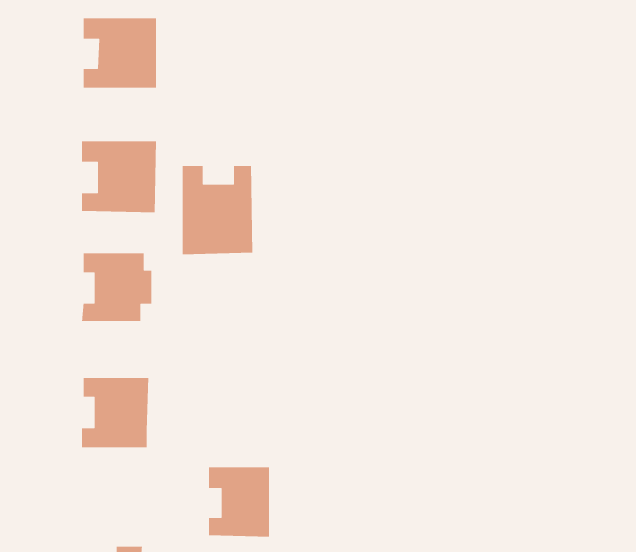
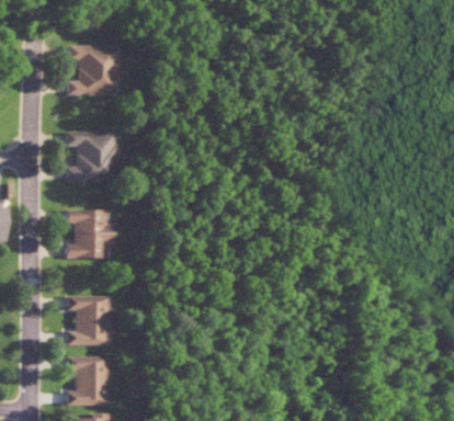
building: [182,165,253,255] -> none
building: [208,467,270,538] -> [64,356,106,406]

